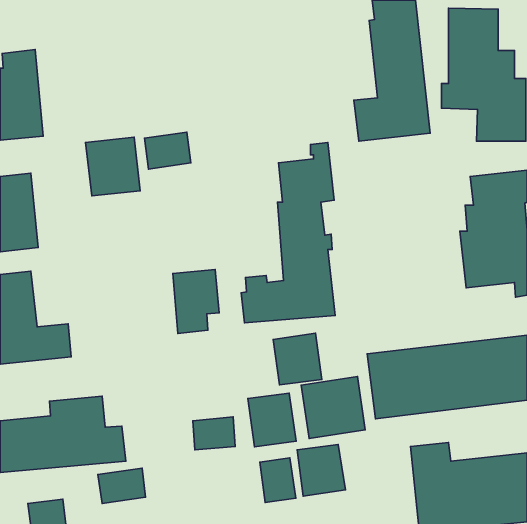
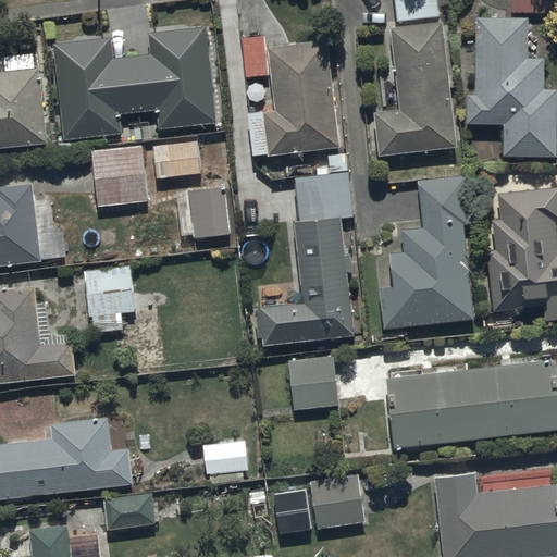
building: none -> [54,28,216,143]
building: none -> [242,32,336,152]
building: none -> [377,171,472,326]
building: none -> [187,188,230,242]
building: [173,269,219,333] -> [85,269,134,336]
building: [301,376,365,439] -> none
building: [248,393,296,447] -> none

